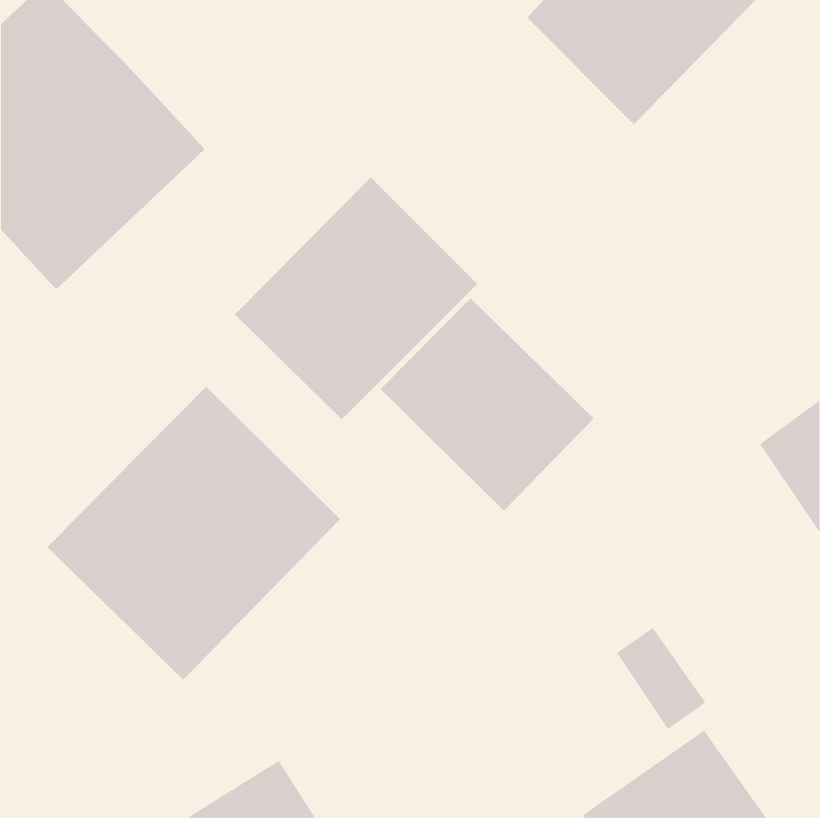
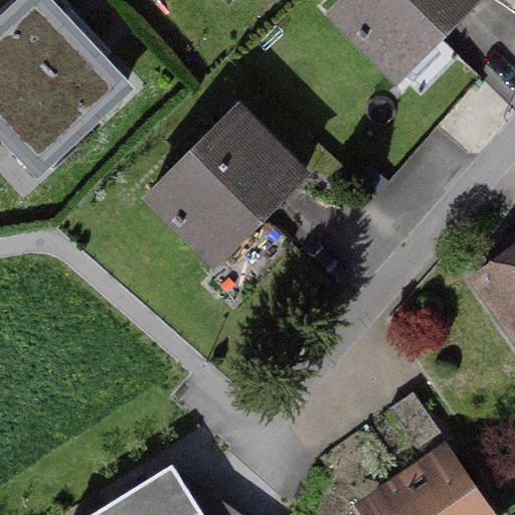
building: [380,298,594,511] -> none
building: [46,386,341,681] -> none

